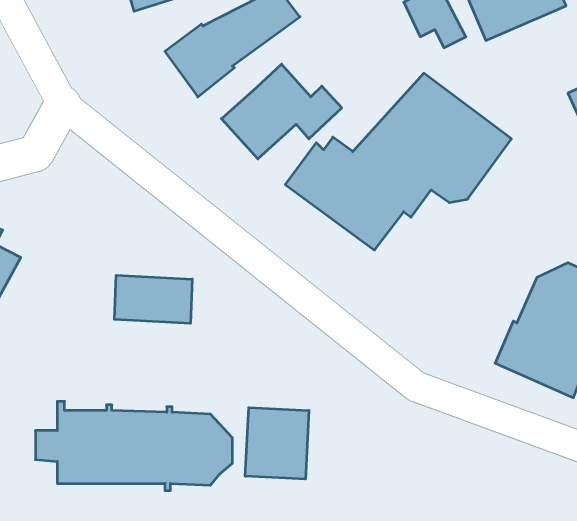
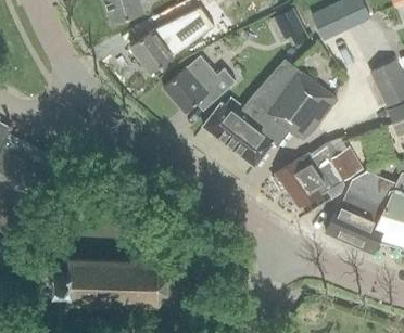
building: none -> [272,141,359,206]
building: [114,275,192,323] -> none
building: [245,408,309,479] -> none

